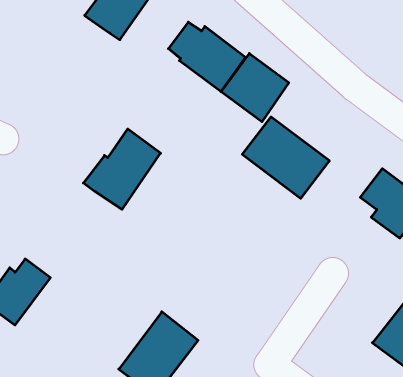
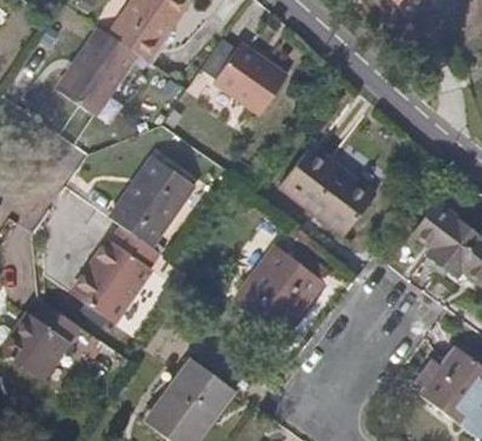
building: none -> [56,28,137,115]
building: [221,53,289,122] -> none
building: none -> [72,228,158,322]
building: none -> [236,245,330,338]

